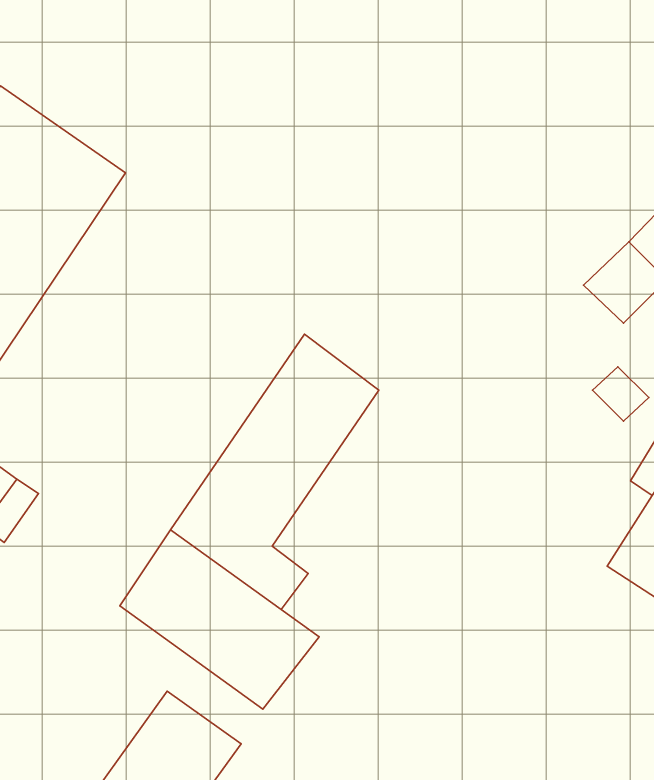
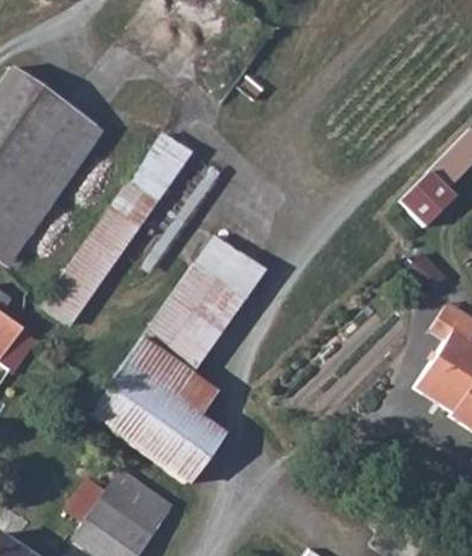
building: none -> [45,134,187,324]

